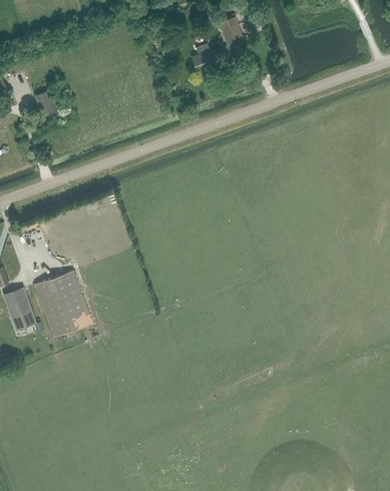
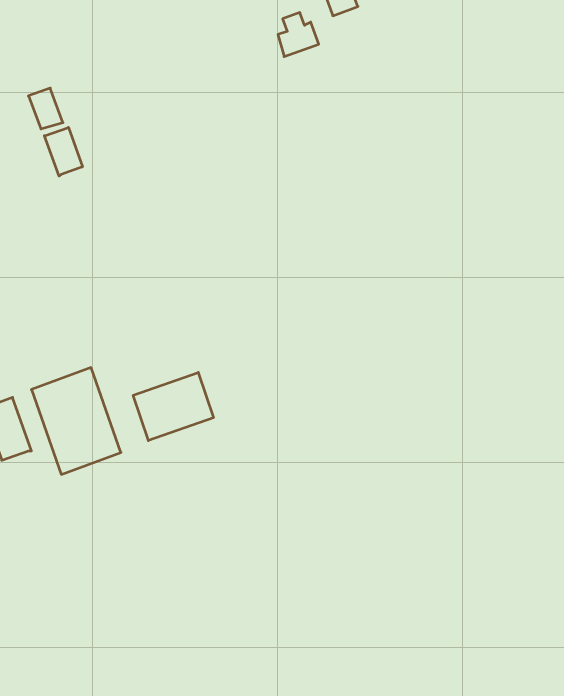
building: none -> [44,127,82,176]
building: none -> [133,372,213,441]

